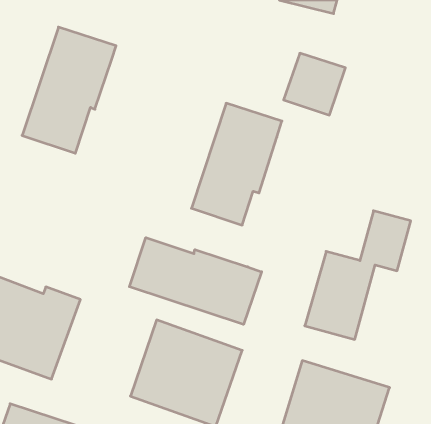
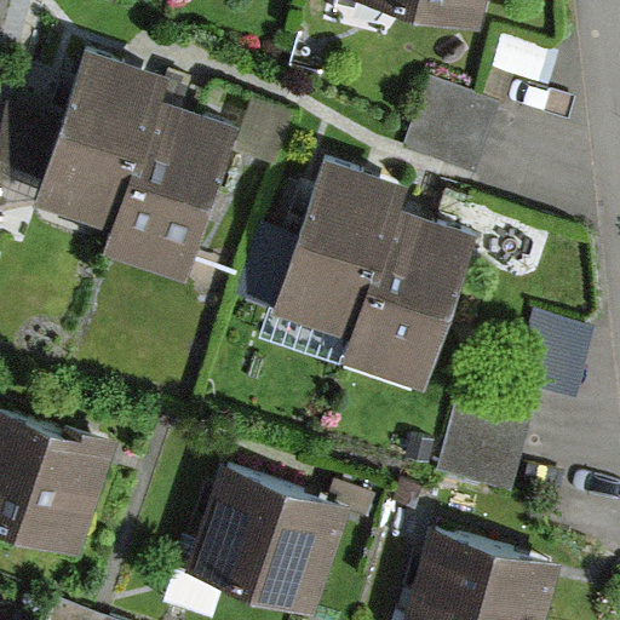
building: none -> [99,97,239,285]
building: none -> [337,208,477,392]
building: [129,238,262,324] -> none

